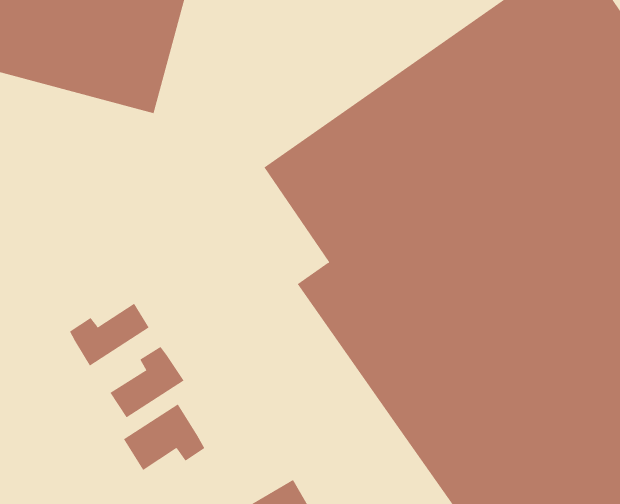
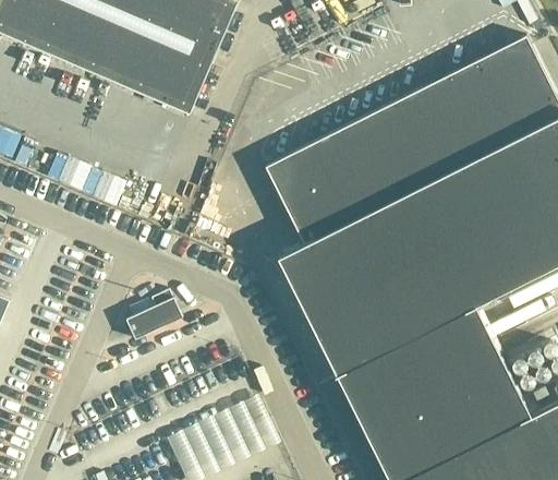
building: [69,303,150,366] -> none
building: [123,403,205,471] -> none

